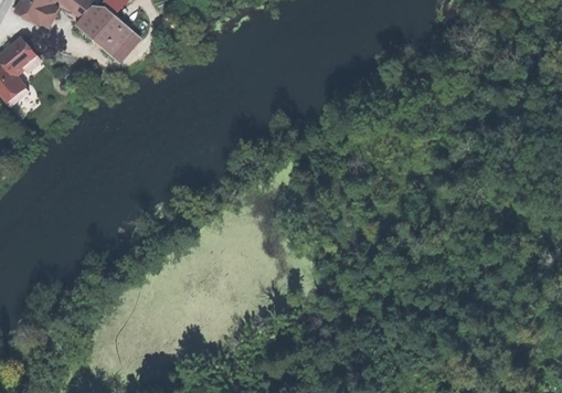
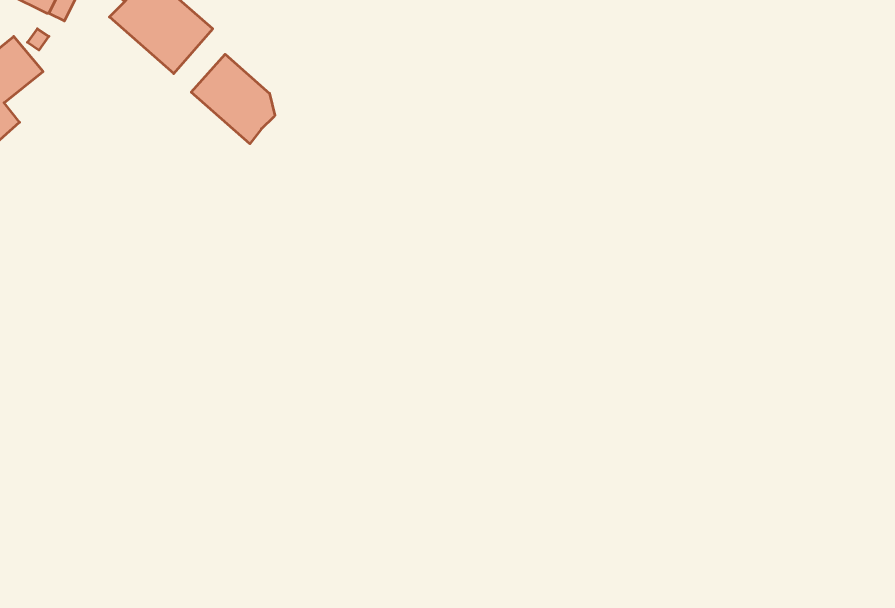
building: none -> [191,54,275,144]

